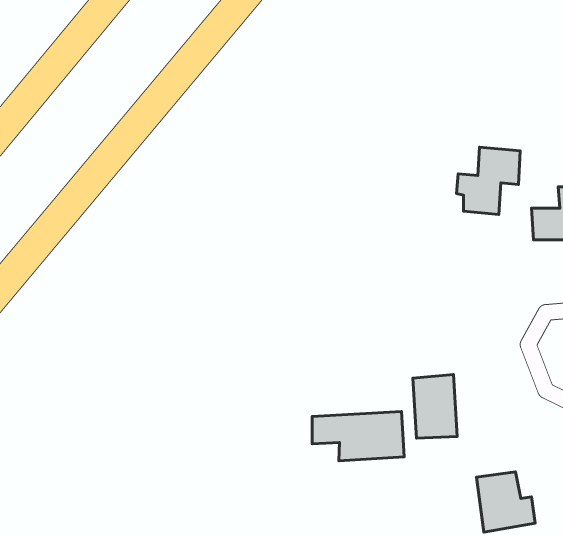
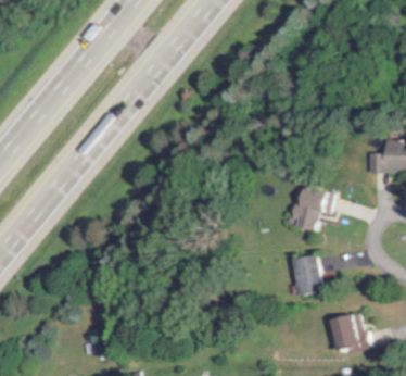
building: [456,147,520,215] -> [289,188,328,229]
building: [312,411,404,461] -> none

